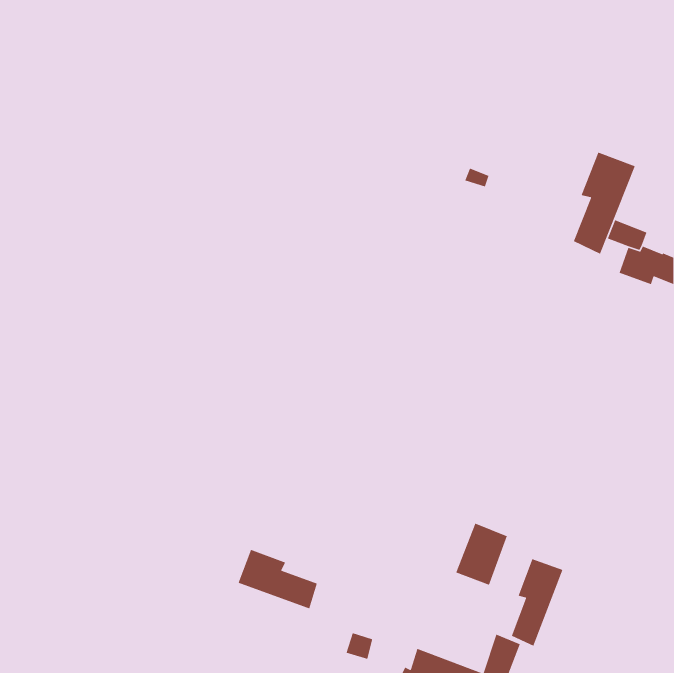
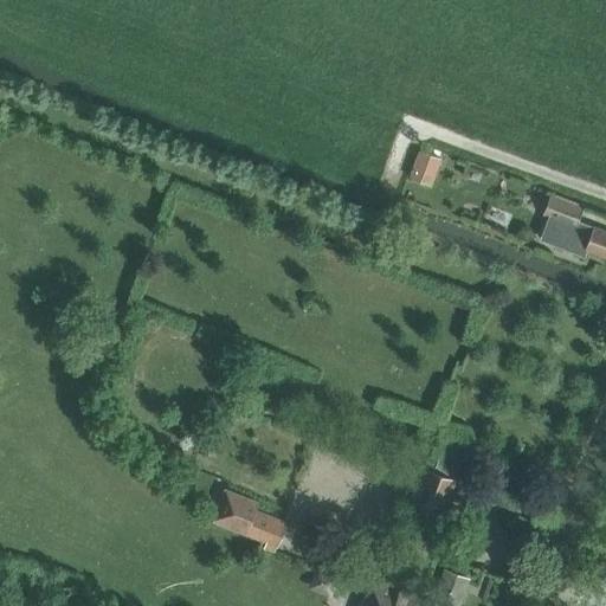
building: [573,152,636,255] -> none
building: [511,558,564,647] -> none

